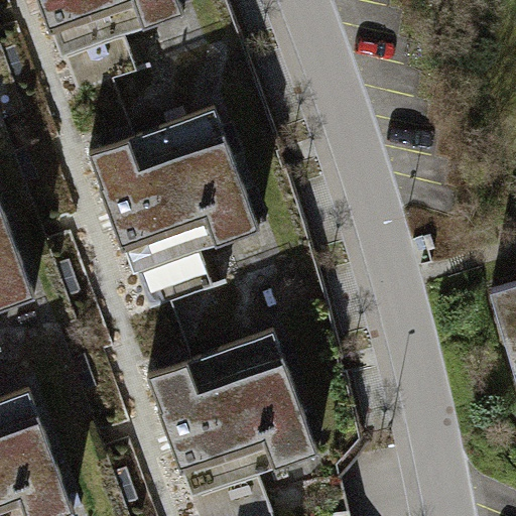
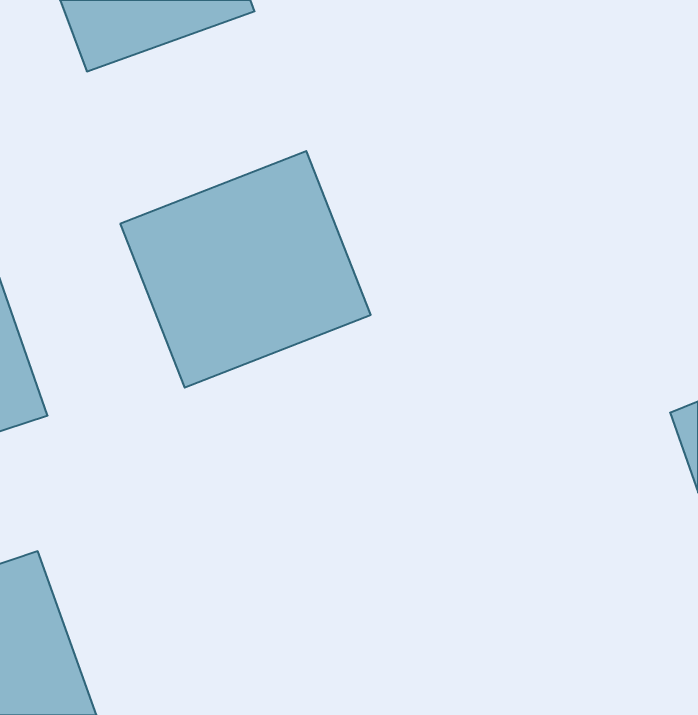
building: [149,343,312,494] -> none

